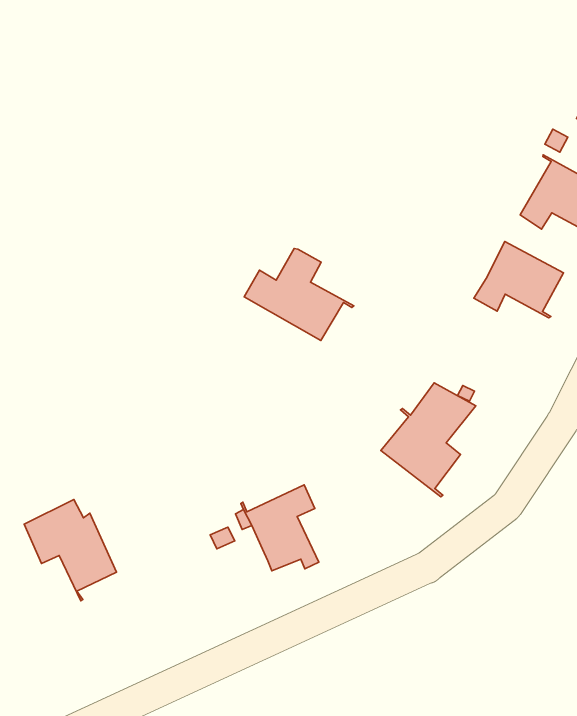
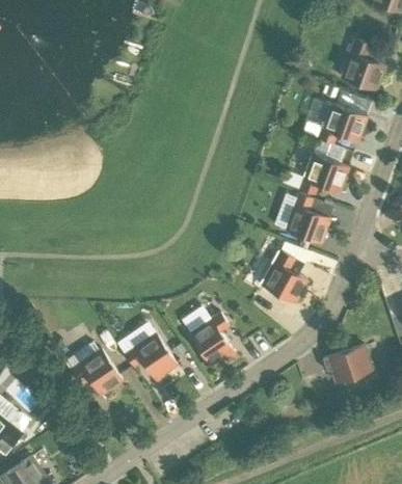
building: [244,249,354,340] -> [272,193,336,243]
building: none -> [125,328,177,384]
building: none -> [322,345,371,382]

